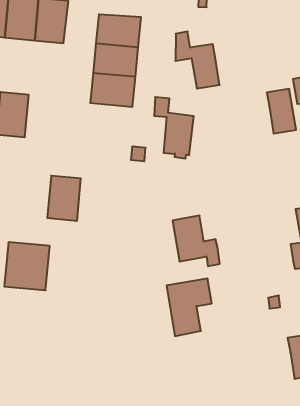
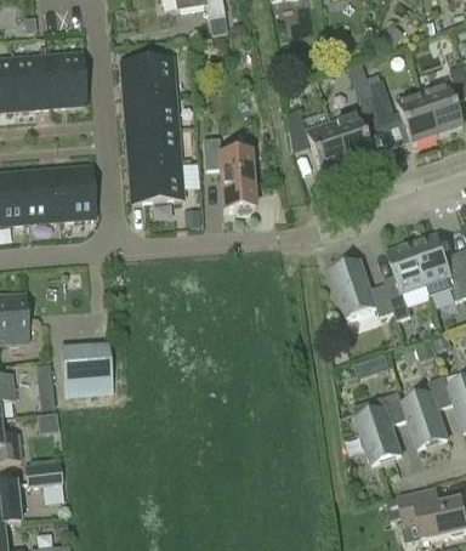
building: [175,31,220,89] -> [286,110,347,175]
building: none -> [129,163,182,201]
building: [47,176,81,221] -> [56,166,95,218]
building: [173,216,220,266] -> [331,259,394,316]
building: [167,279,212,336] -> [353,390,409,462]

